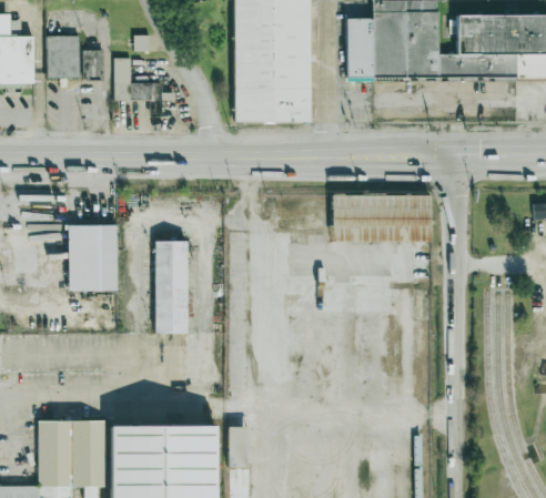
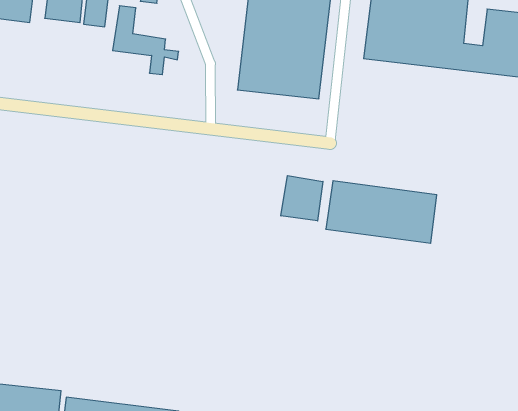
building: none -> [281,176,323,221]
building: [69,224,118,289] -> none
building: [155,240,188,332] -> none

